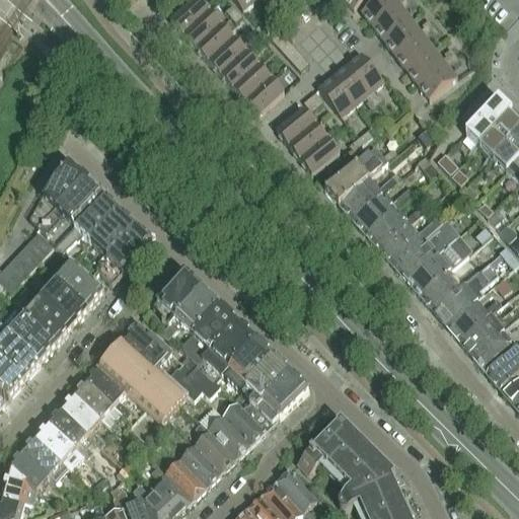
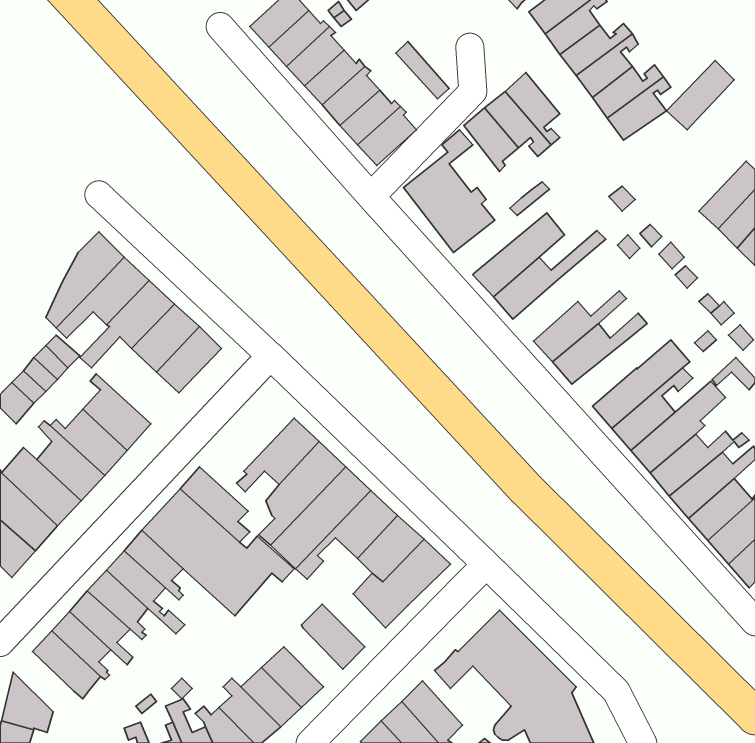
building: [465,97,512,145] -> [666,61,734,130]
building: [352,183,416,234] -> none
building: [392,231,437,279] -> none
building: [156,270,202,323] -> none
building: [221,400,265,444] -> none
building: [195,431,235,471] -> none
building: [9,447,51,489] -> none

